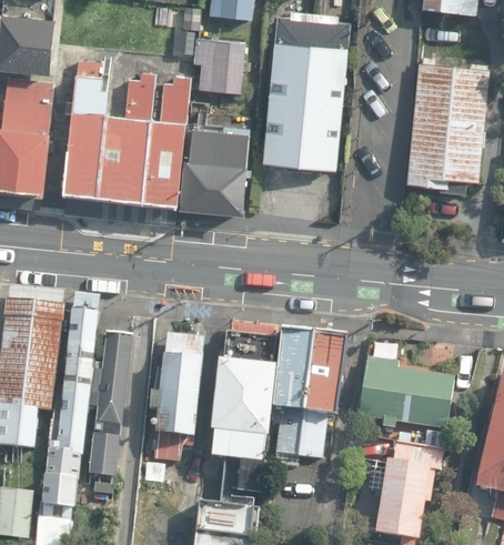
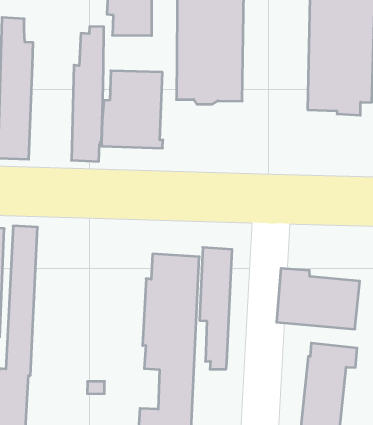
building: [97,73,155,223] -> none
building: [88,333,133,477] -> none
building: [145,333,203,463] -> none
building: [299,333,344,458] -> none

